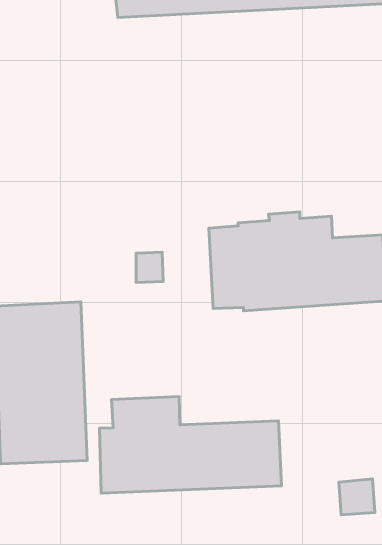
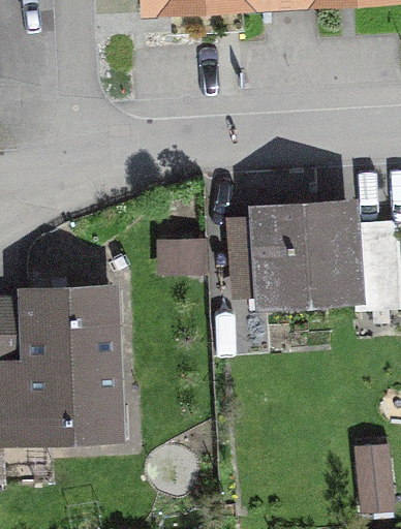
building: [100,396,281,493] -> none

